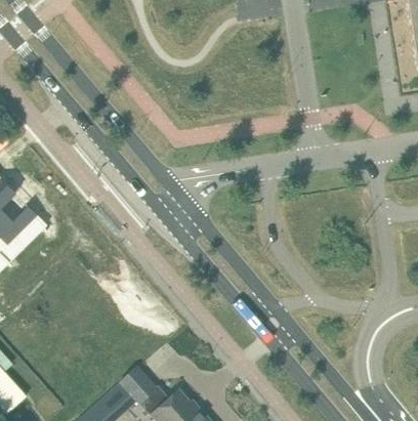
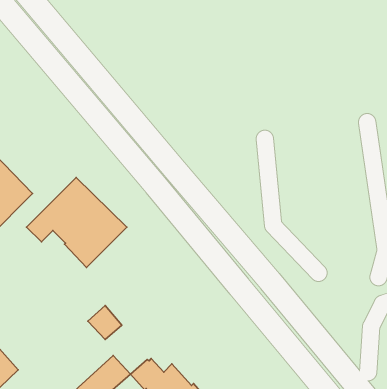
building: none -> [27,177,127,267]
building: [121,368,155,402] -> [88,306,122,340]

